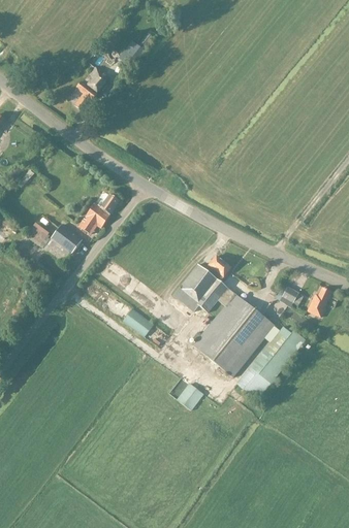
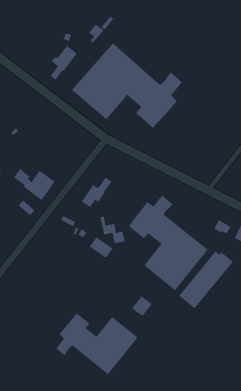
building: none -> [71,42,183,129]
building: [78,193,119,232] -> [81,177,112,208]
building: none -> [55,312,138,375]

